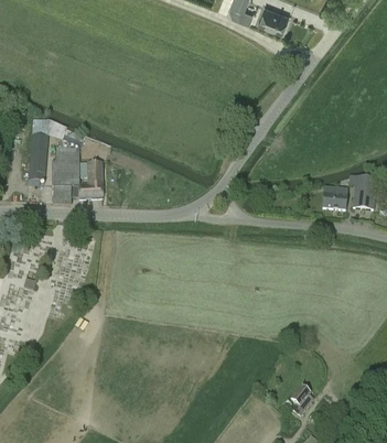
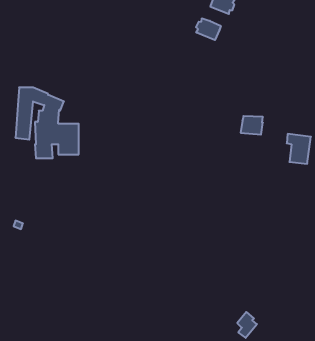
building: none -> [196,18,221,40]
building: [321,188,347,210] -> [241,116,263,135]

